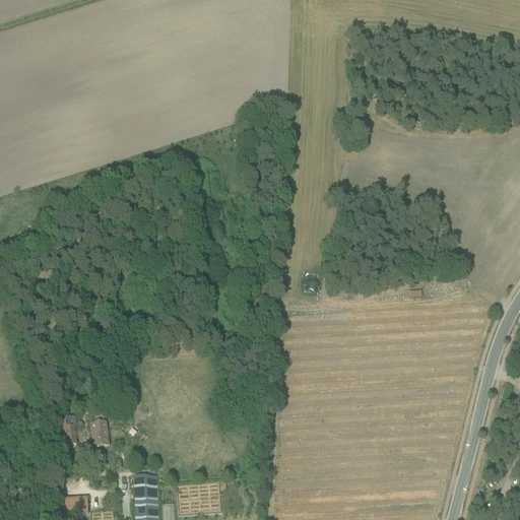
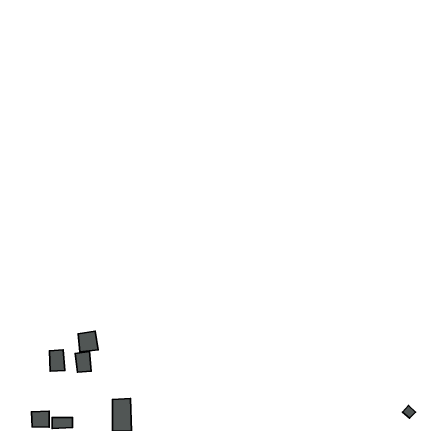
building: none -> [78,331,98,352]
building: none -> [31,411,49,427]

